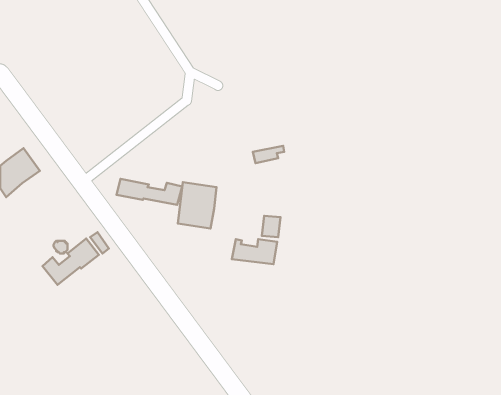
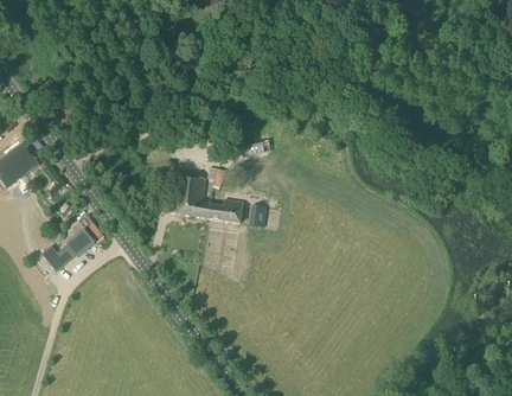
building: [117,179,182,205] -> none
building: [232,239,277,264] -> [200,198,243,222]

